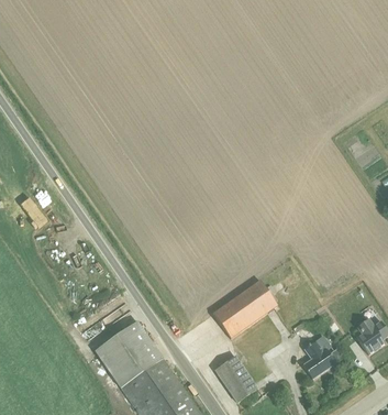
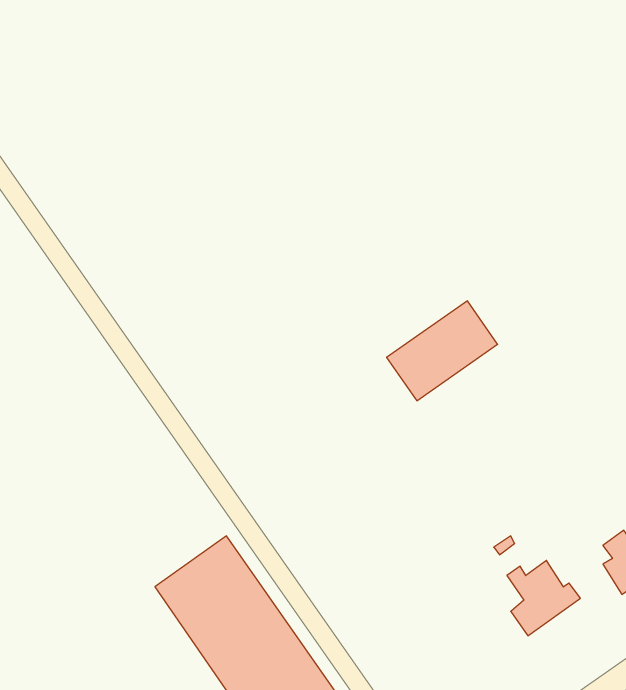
building: [212,280,277,338] -> [387,301,498,401]
building: [214,356,258,402] -> none

